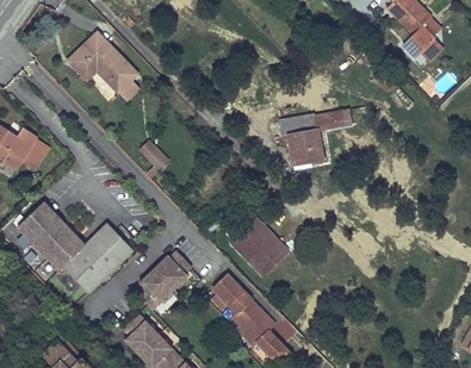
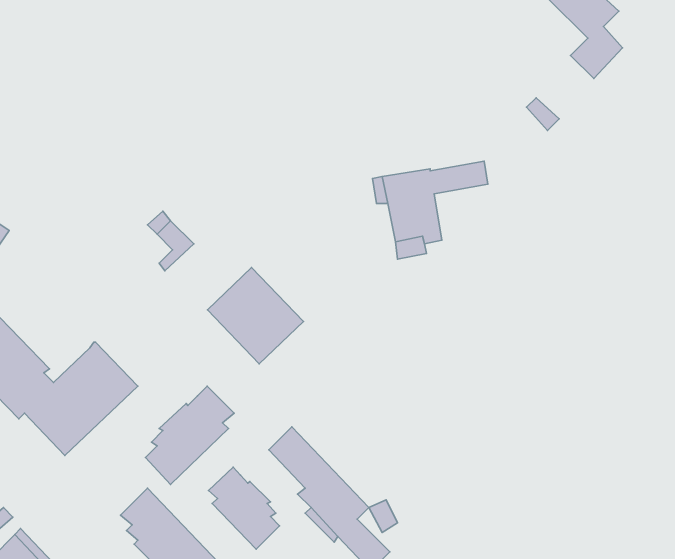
building: [68,33,138,99] -> none
building: [229,217,289,276] -> [207,268,304,364]
building: none -> [208,467,279,549]

